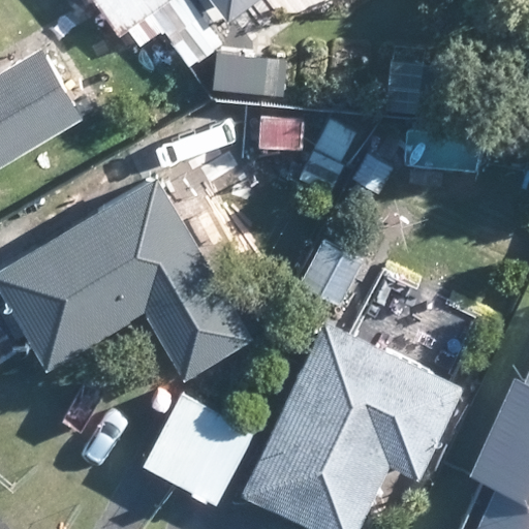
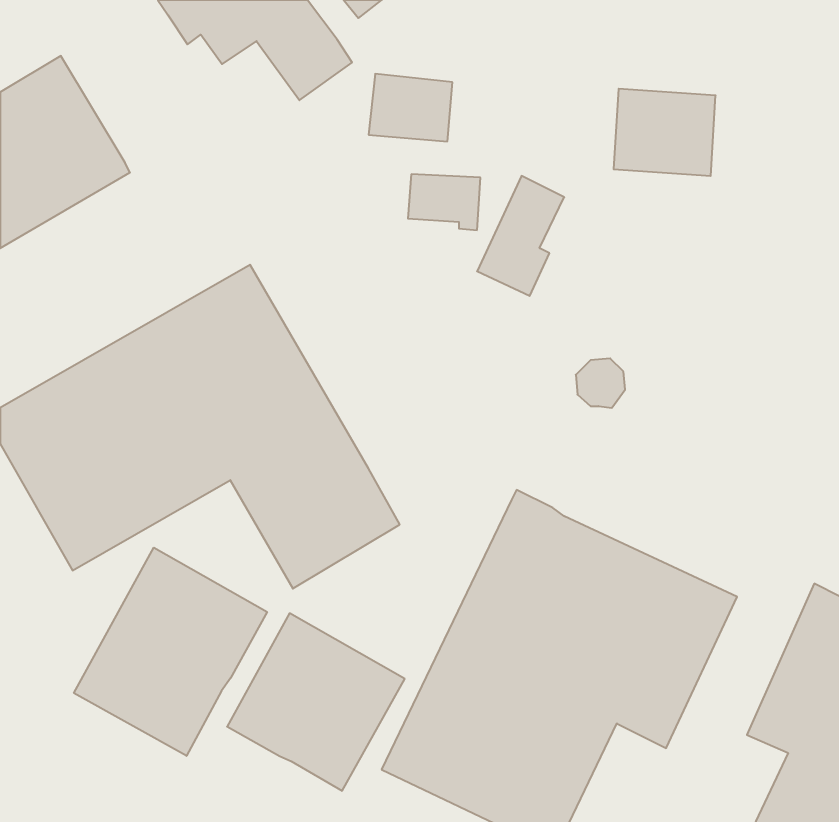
building: none -> [74,548,267,756]

